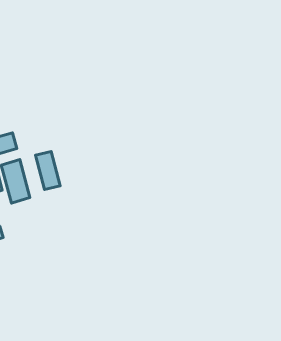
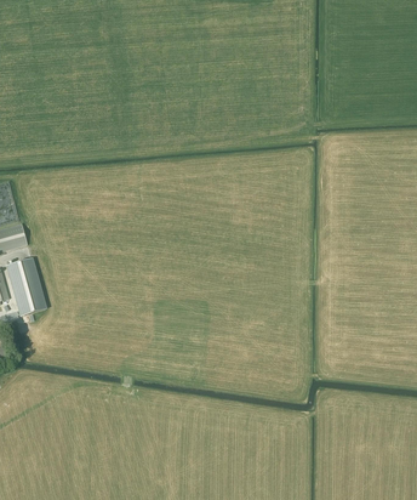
building: [35,152,60,189] -> none

